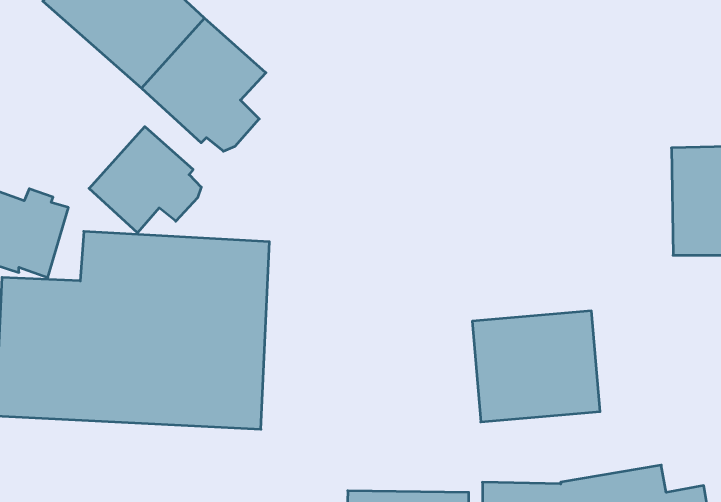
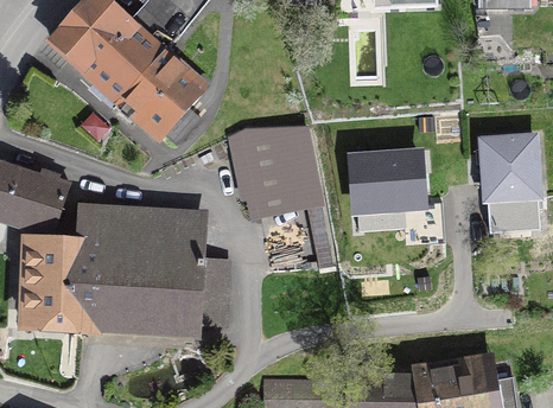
building: none -> [235,126,331,268]
building: [89,127,201,233] -> none
building: [472,311,600,422] -> [342,147,431,224]

